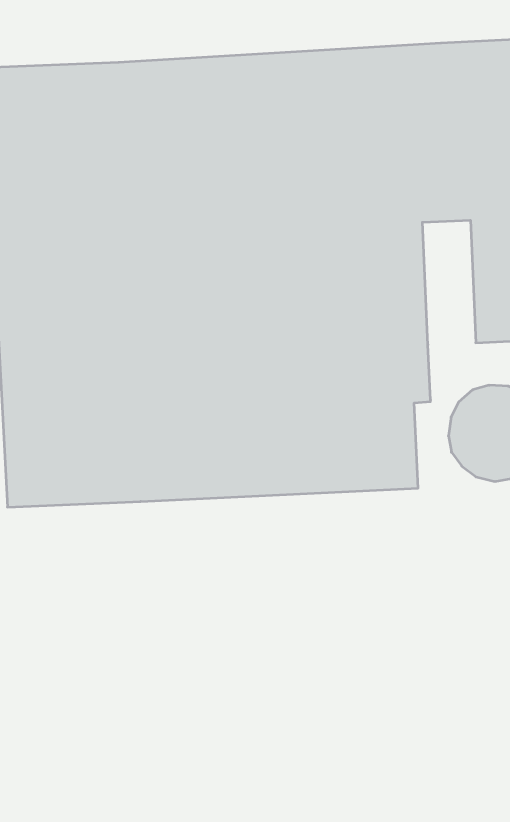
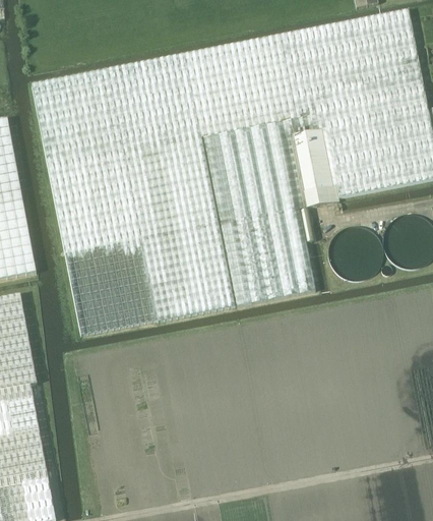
building: none -> [296,130,336,206]

